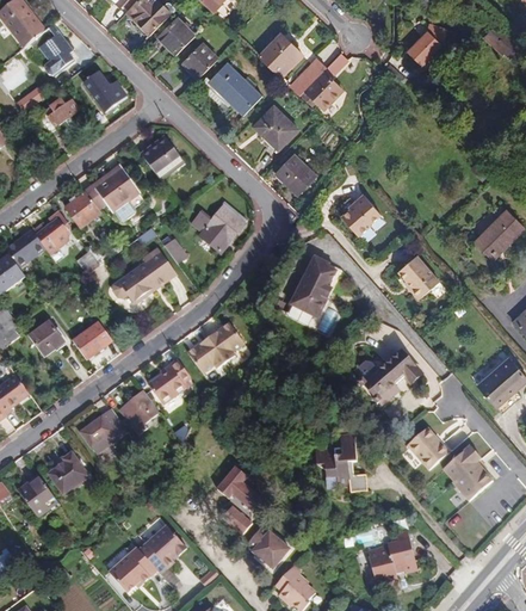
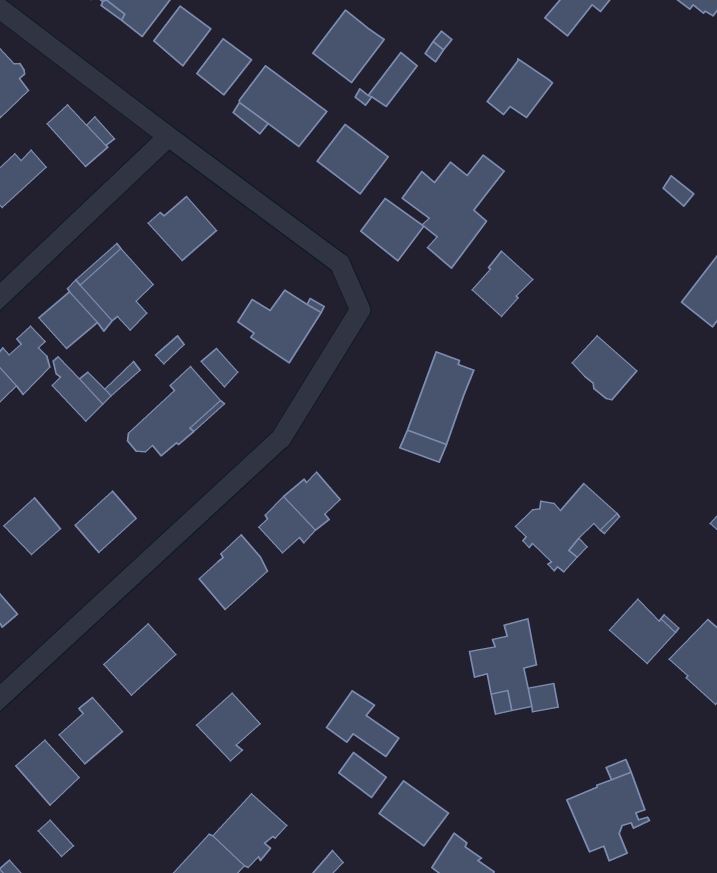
building: [301,70,344,109] -> [487,59,552,118]
building: none -> [402,155,504,268]
building: [118,389,159,432] -> [197,693,260,761]

